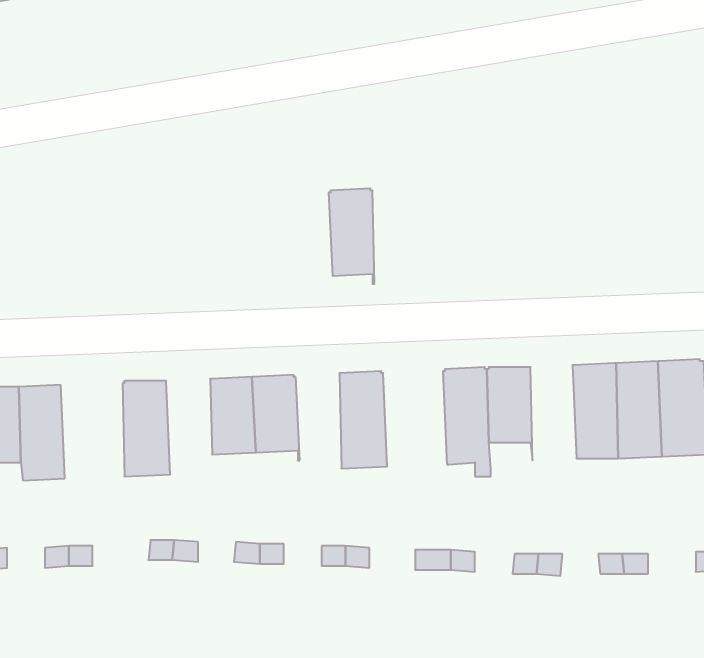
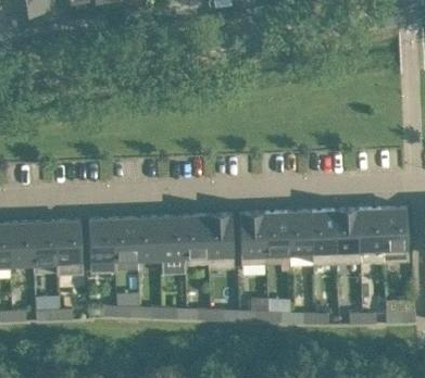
building: [329,188,374,284] -> [184,214,209,266]
building: none -> [312,210,337,262]
building: none -> [240,212,266,265]
building: none -> [113,217,139,269]
building: none -> [55,219,83,272]

